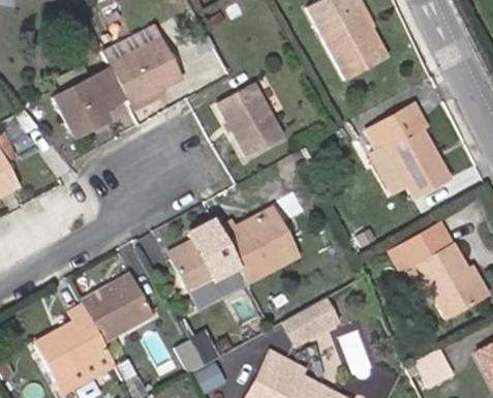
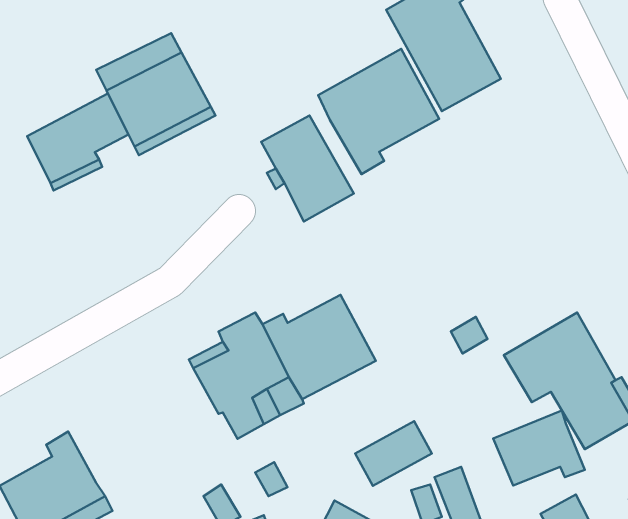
building: none -> [318,49,439,174]
building: [367,104,449,196] -> none
building: [82,274,152,340] -> none
building: none -> [493,411,585,486]

